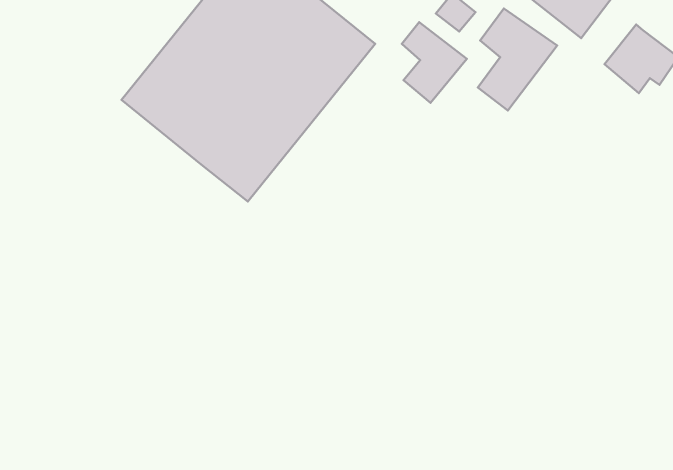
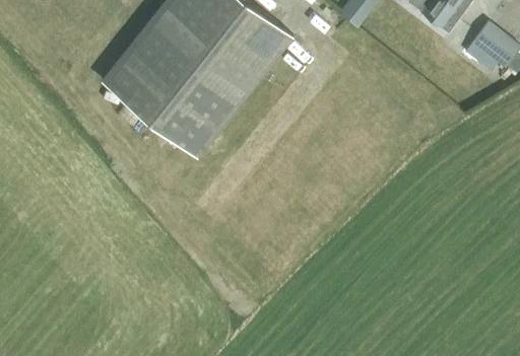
building: [478,8,557,110] -> none
building: [402,22,467,103] -> none

